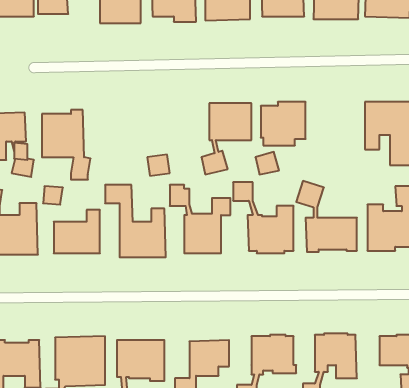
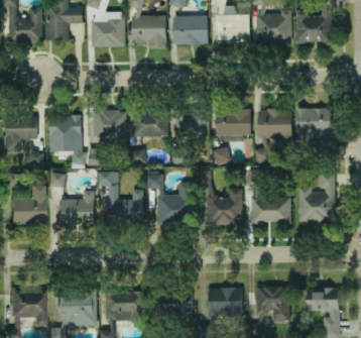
building: none -> [253,108,291,163]
building: none -> [89,109,126,164]
building: none -> [133,110,167,136]

